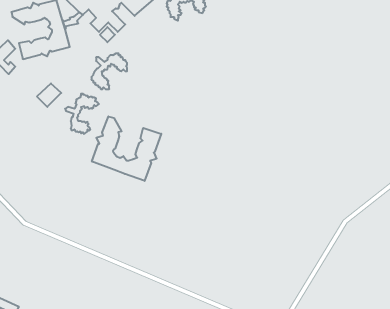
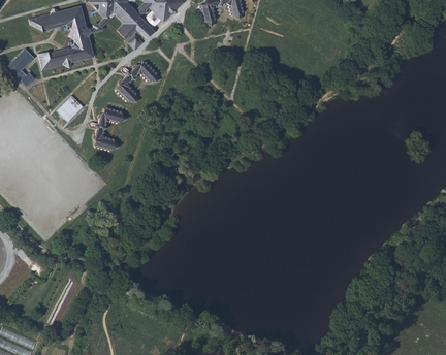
building: [92,116,161,181] -> none

